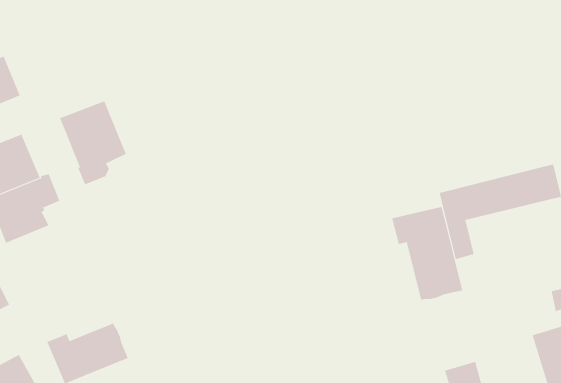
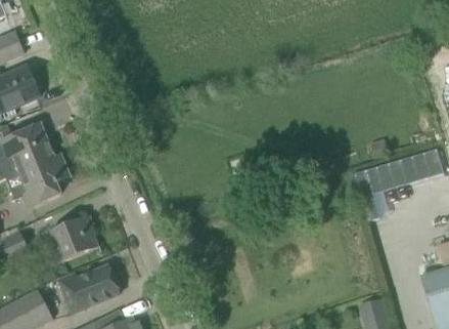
building: [59,100,126,185] -> none
building: [392,206,463,300] -> none
building: none -> [49,215,98,264]

